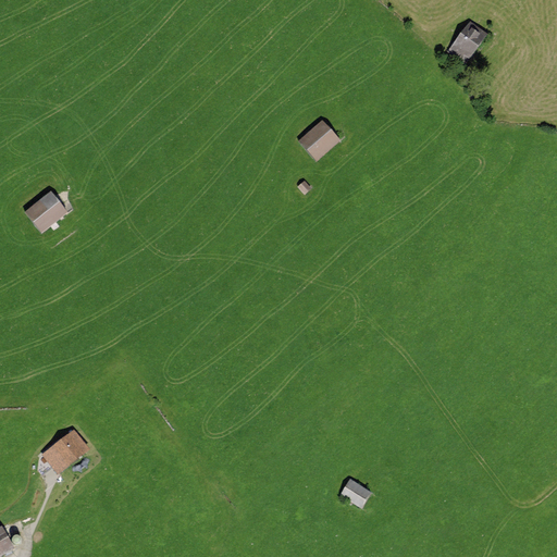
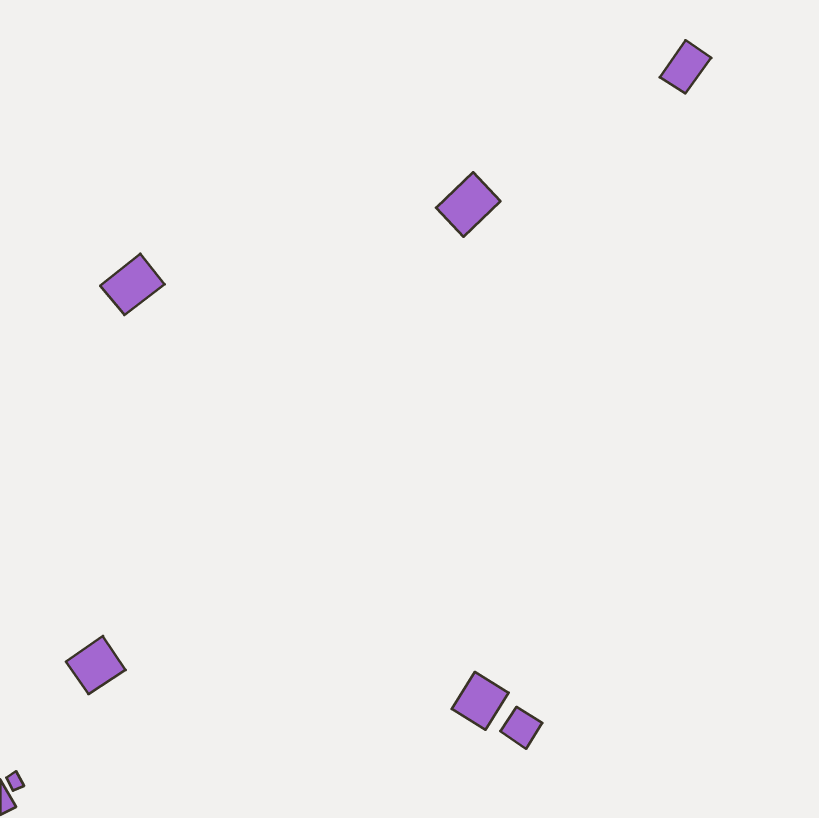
building: [23,190,66,232] -> [100,254,165,315]
building: none -> [452,672,509,730]

